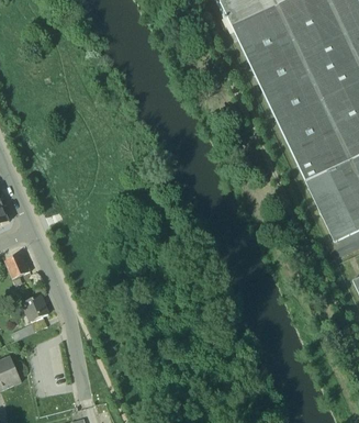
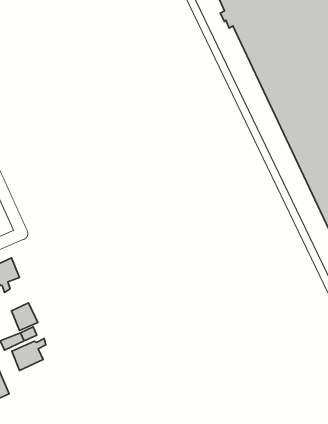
building: none -> [12,338,46,370]

